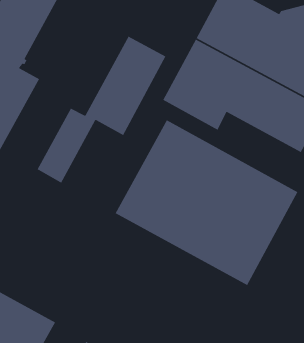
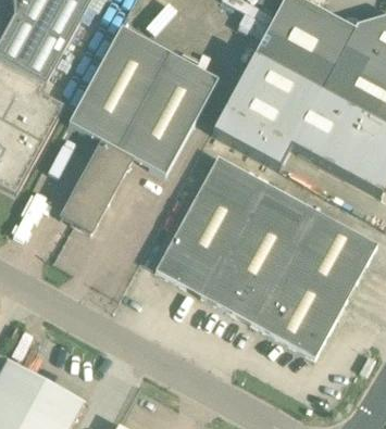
building: none -> [69,26,171,149]

